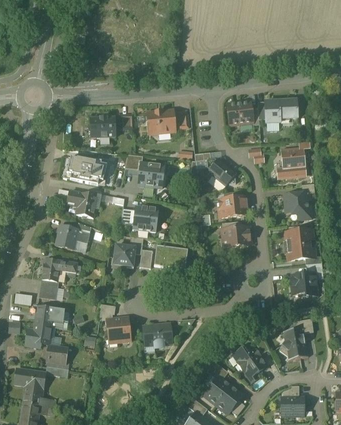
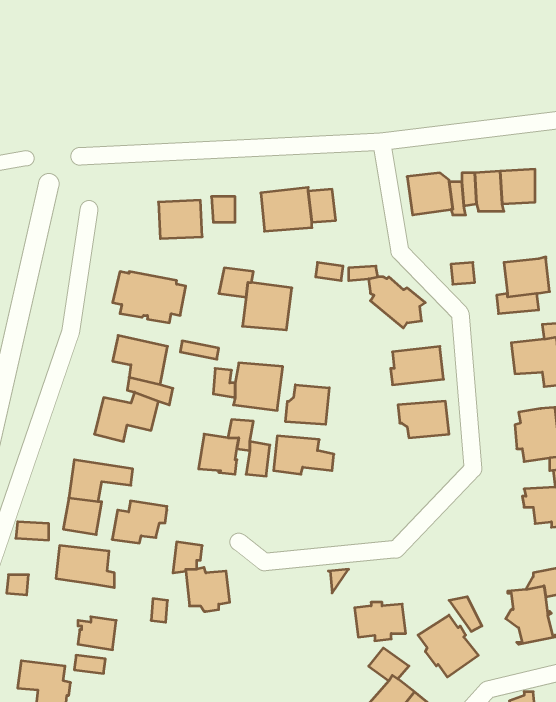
building: none -> [286,385,329,424]
building: [25,324,55,347] -> [112,501,167,543]
building: [143,325,171,346] -> [355,602,406,641]

